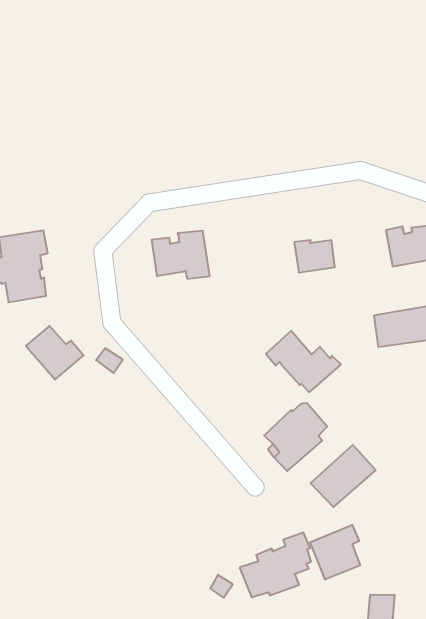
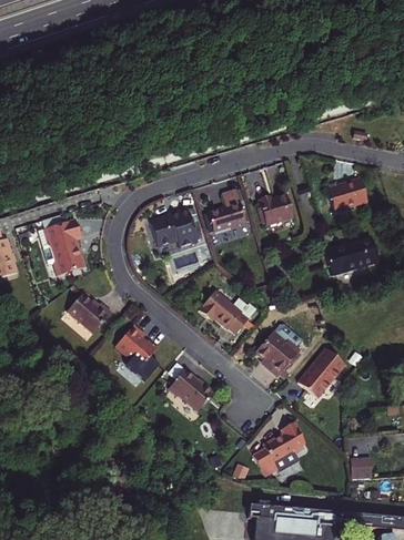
building: none -> [208,190,245,231]
building: [266,331,341,392] -> [199,289,256,334]
building: none -> [114,323,159,380]
building: none -> [168,364,213,412]
building: [310,525,360,580] -> none

